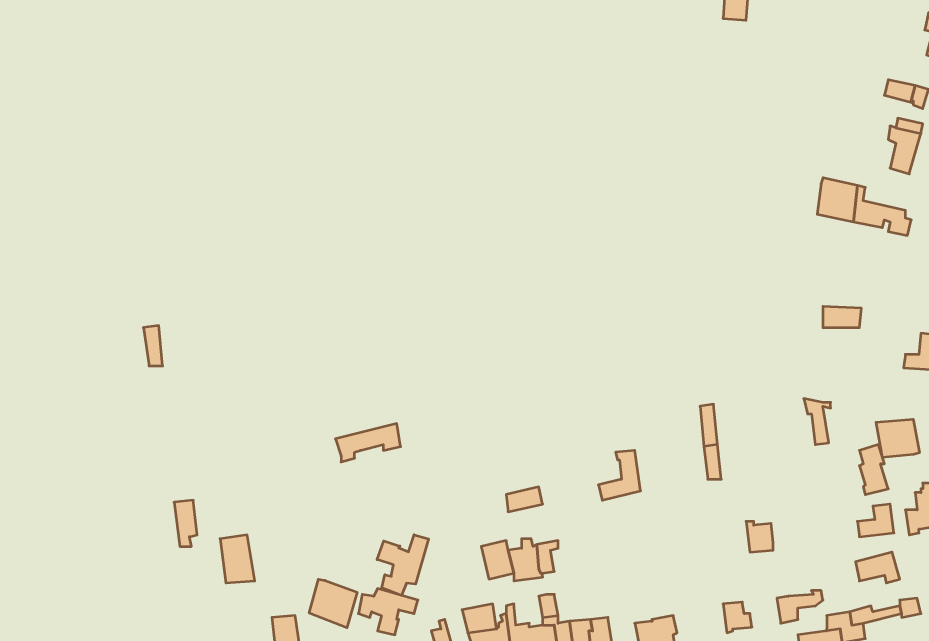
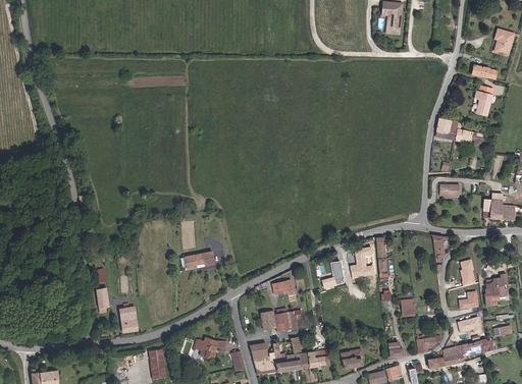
building: [876,419,919,458] -> none
building: none -> [350,246,374,277]
building: [377,535,429,595] -> none
building: [309,579,357,628] -> none

